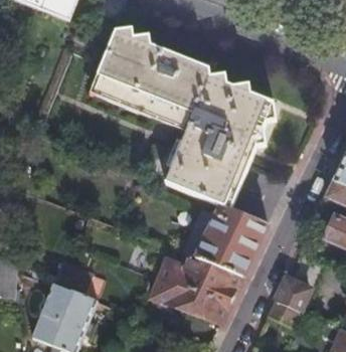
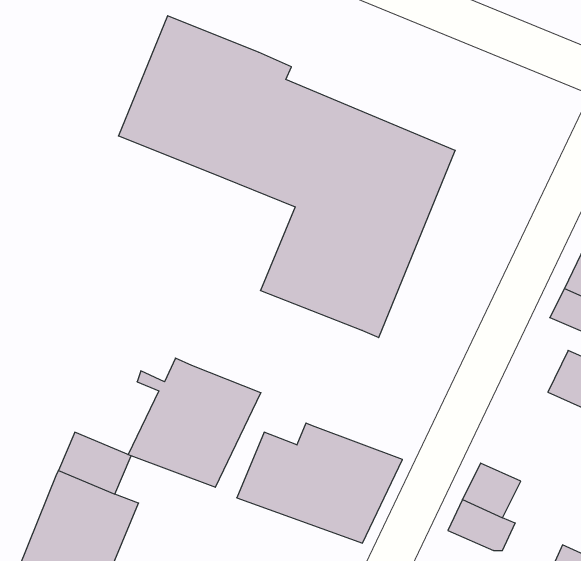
building: [195,203,269,275] -> [128,358,261,487]

